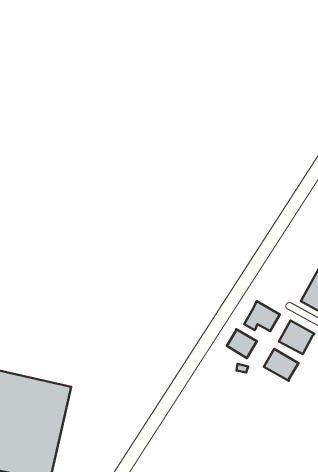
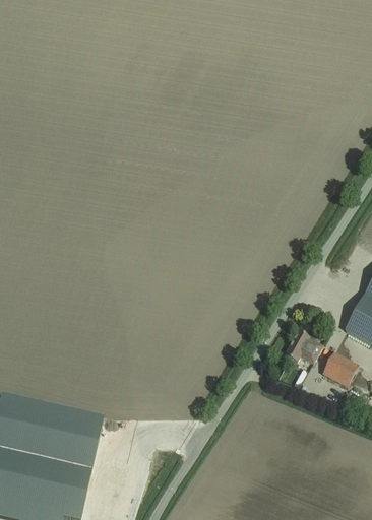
building: [227,329,257,358] -> none
building: [264,349,298,381] -> none

